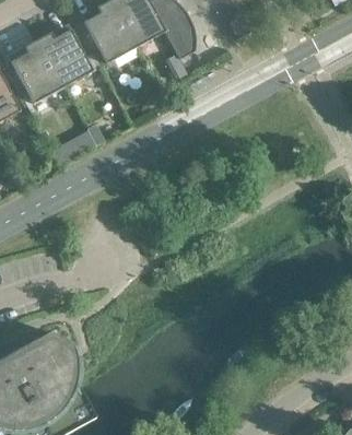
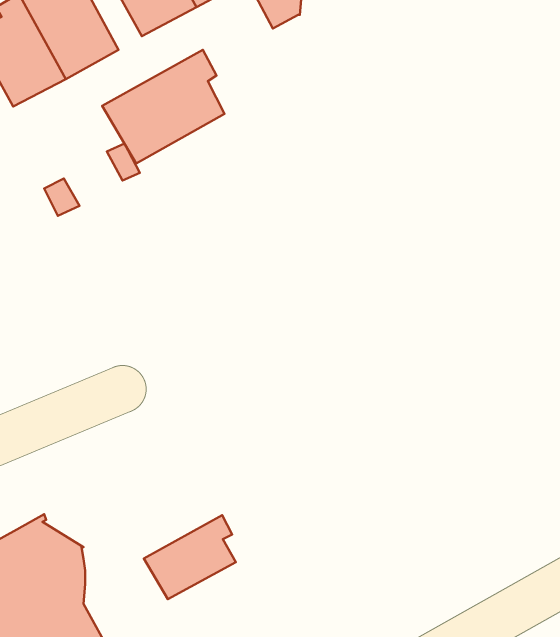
building: none -> [102,50,225,164]
building: none -> [144,515,236,599]

